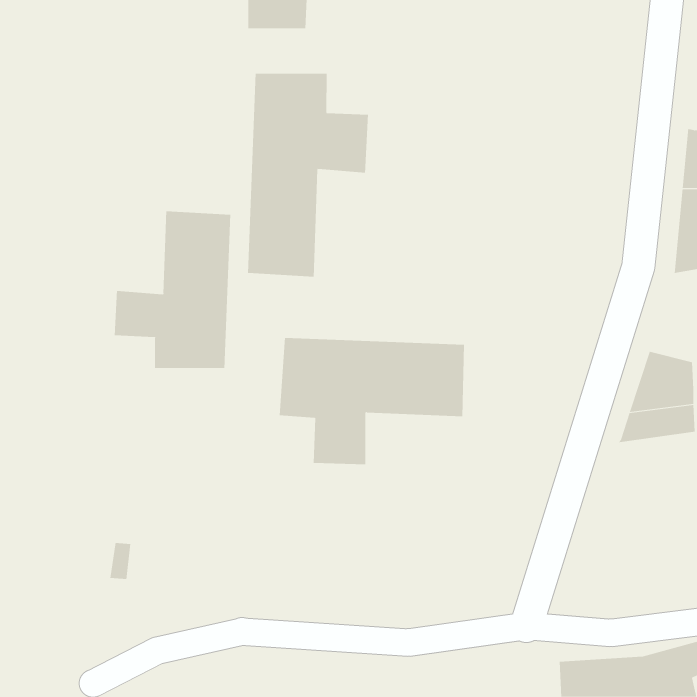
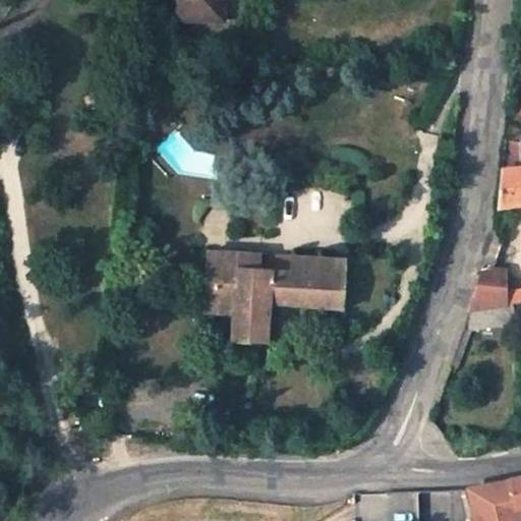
building: [247,73,369,278] -> none
building: [114,210,231,369] -> none

